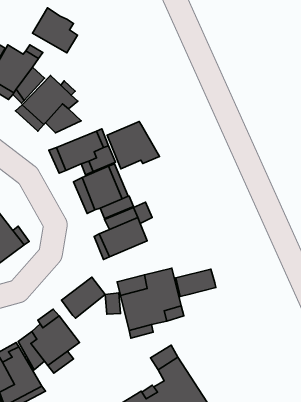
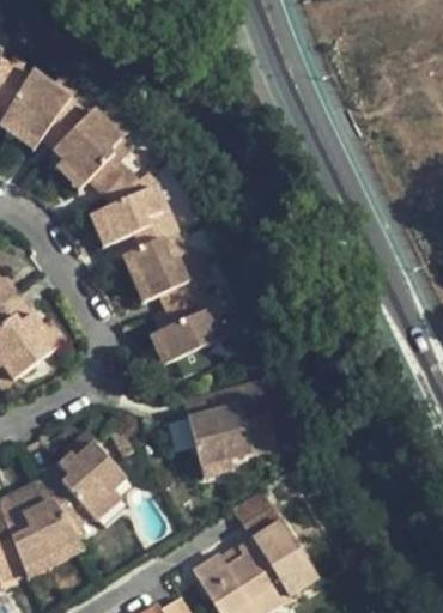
building: [33,8,77,53] -> none
building: [107,122,159,169] -> none
building: [176,269,216,297] -> none
building: [61,277,105,318] -> none

